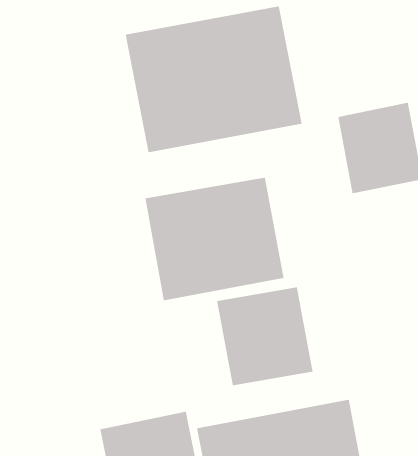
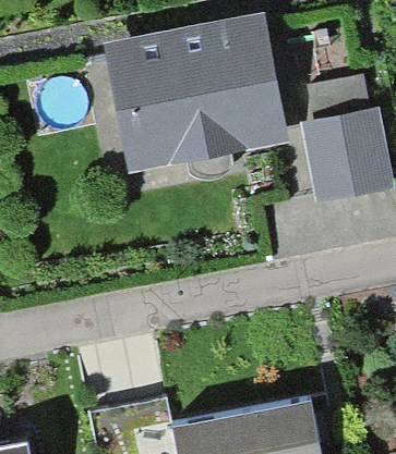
building: [145,177,284,301] -> none
building: [216,287,313,386] -> none

